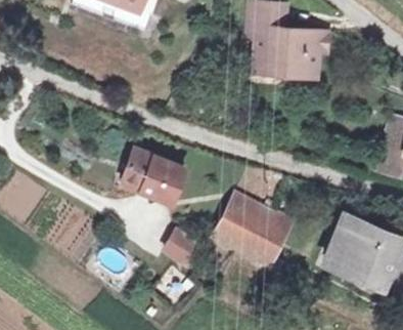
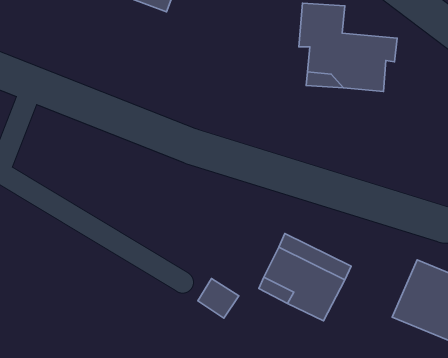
building: [121,149,184,202] -> none

